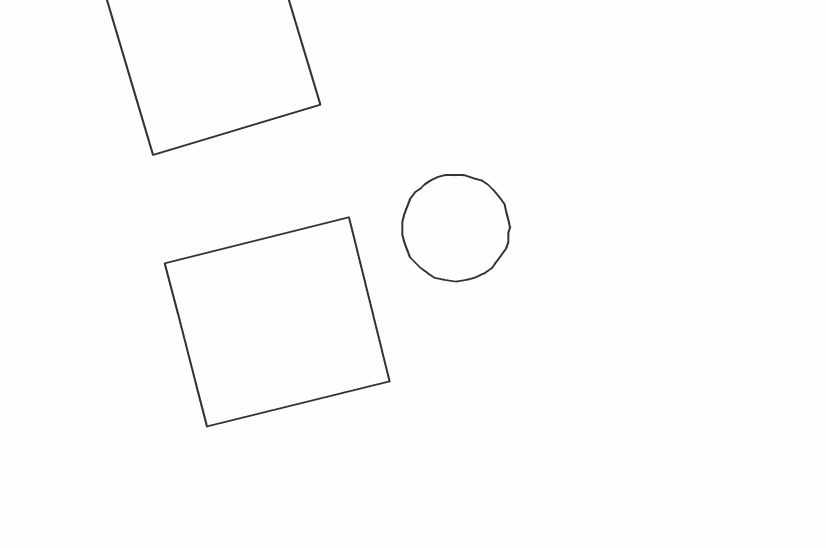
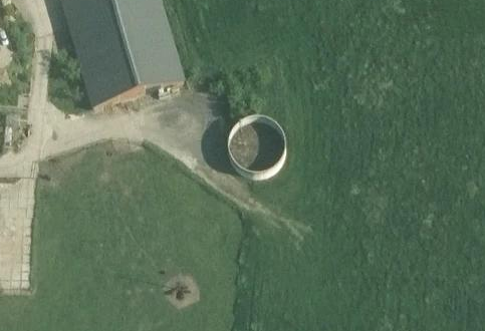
building: [165,217,389,427] -> none

